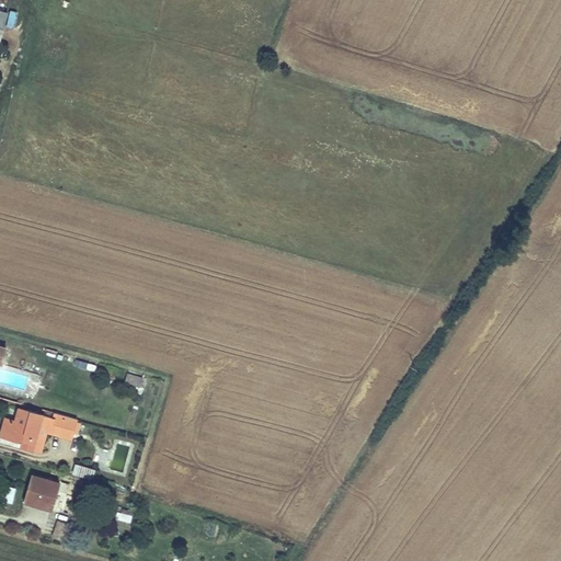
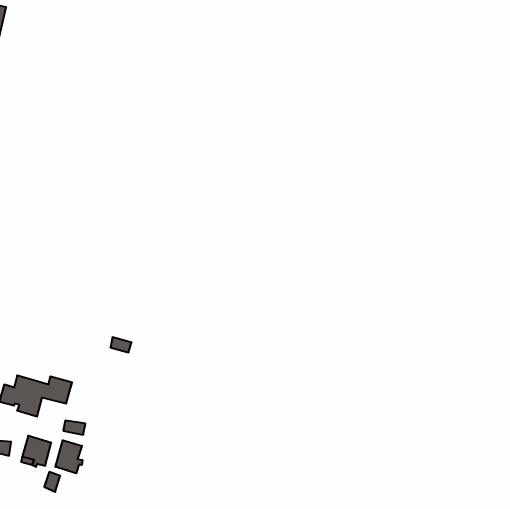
building: none -> [55,440,82,473]

